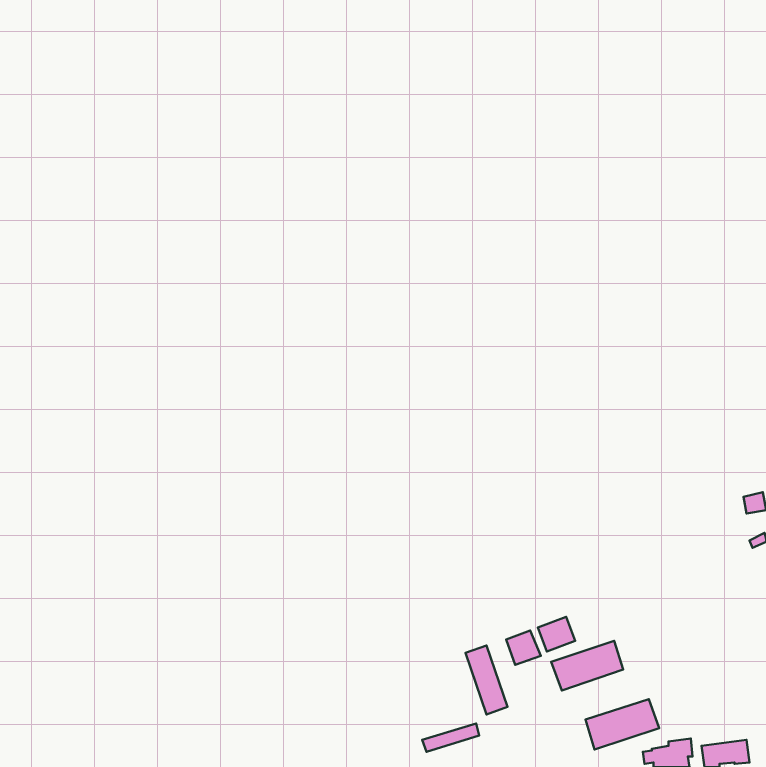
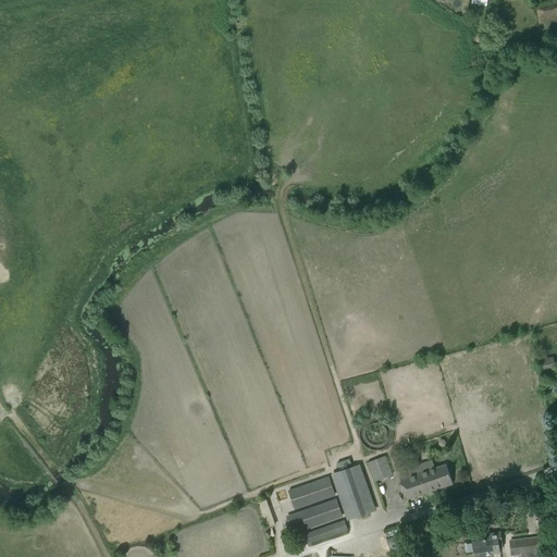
building: none -> [289,476,334,507]
building: none -> [290,499,342,530]
building: [586,699,659,750] -> none

